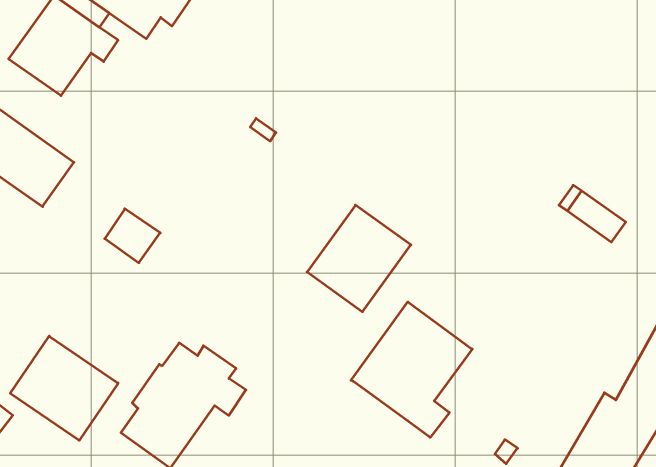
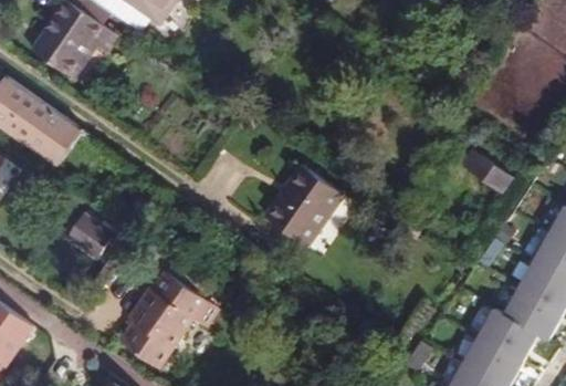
building: [105,209,160,263] -> [66,215,109,257]
building: [351,302,472,437] -> none
building: [10,336,118,440] -> none

